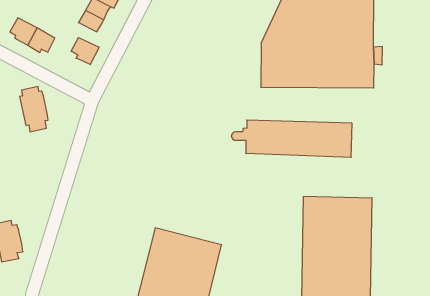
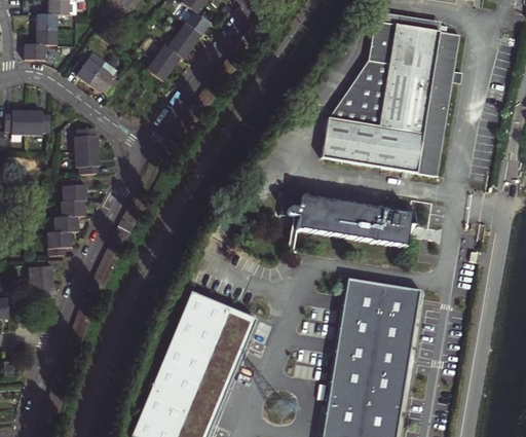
building: [71,38,99,65] -> none
building: none -> [45,175,85,253]

